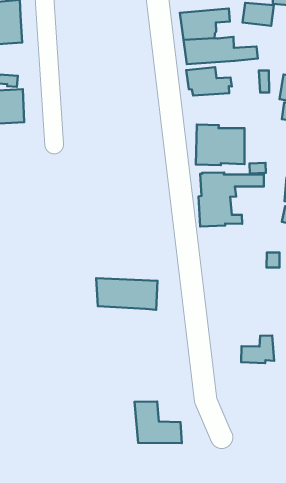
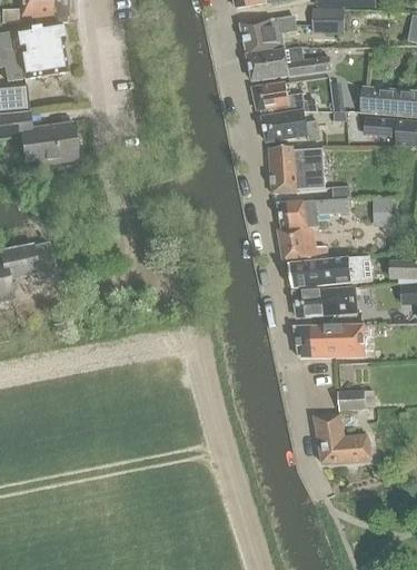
building: none -> [261,109,319,141]
building: none -> [288,255,366,287]
building: none -> [294,286,357,315]
building: [96,278,157,310] -> [295,323,365,356]
building: [134,402,182,443] -> [314,413,370,461]

